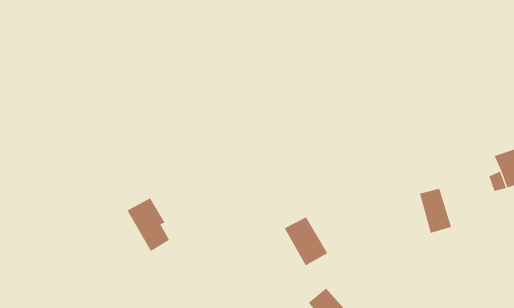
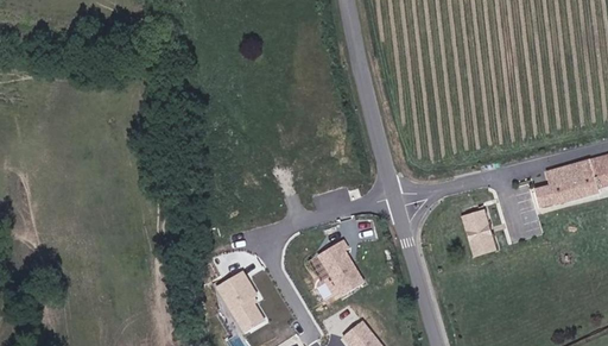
building: [127,198,170,252] -> [216,271,264,331]

